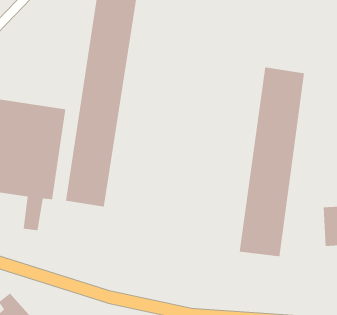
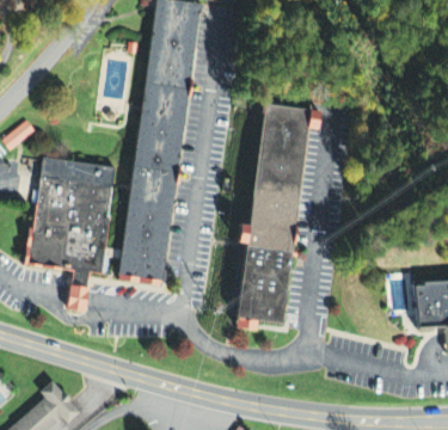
building: [239,67,305,257] -> [233,103,309,322]

